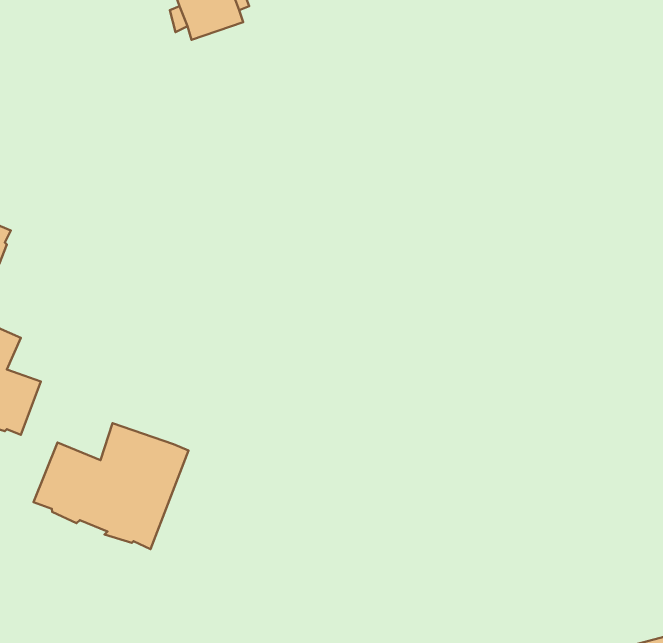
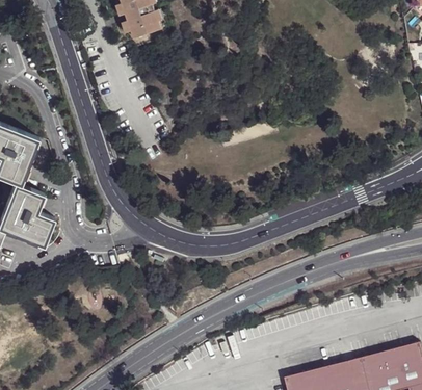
building: [33,423,188,549] -> none

